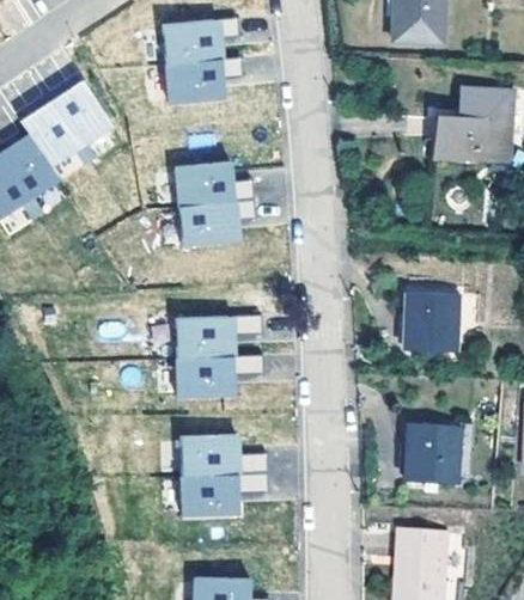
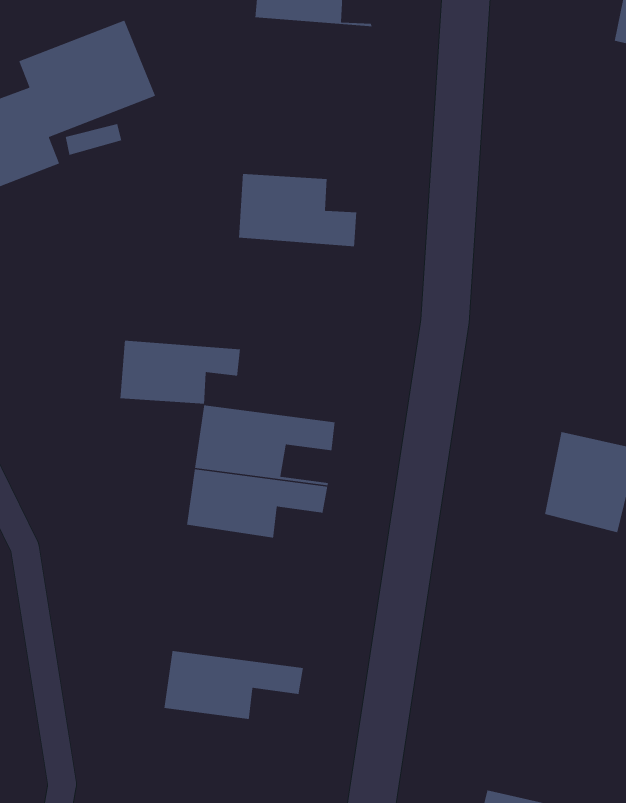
building: [165,59,243,103] -> none
building: [179,201,256,246] -> [119,340,241,404]
building: [406,422,459,488] -> none
building: [181,434,269,478] -> none

